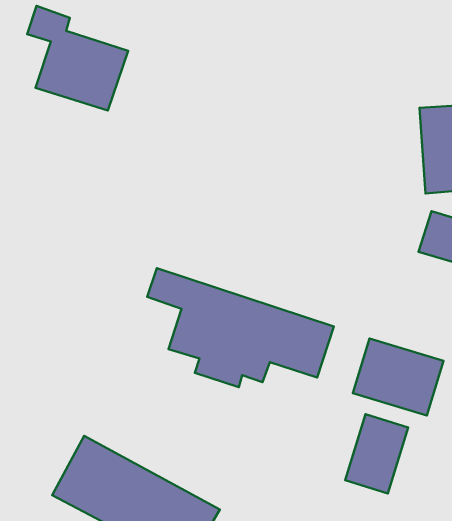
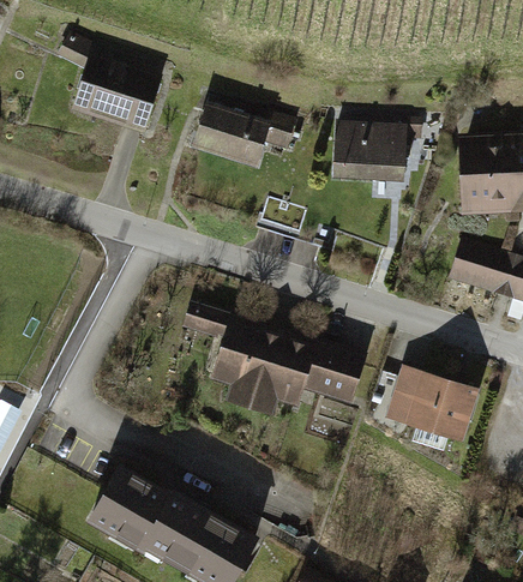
building: none -> [187,101,302,172]
building: none -> [330,121,405,182]
building: [345,414,408,494] -> none

